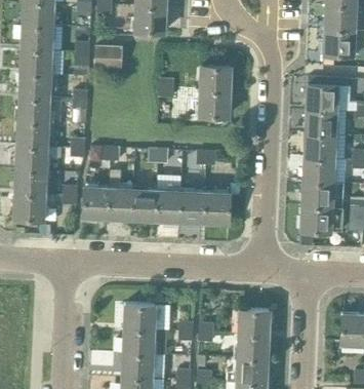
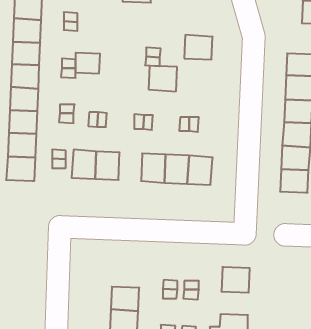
building: [96,46,122,68] -> [76,53,100,73]
building: [200,90,230,117] -> [149,66,177,91]
building: [132,189,157,219] -> none
building: [125,305,155,330] -> none
building: [239,335,269,359] -> none

